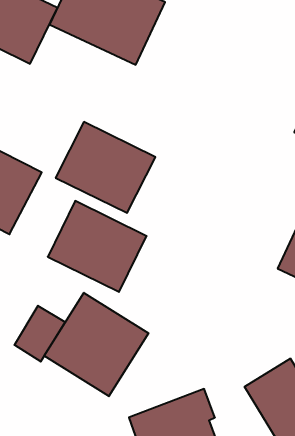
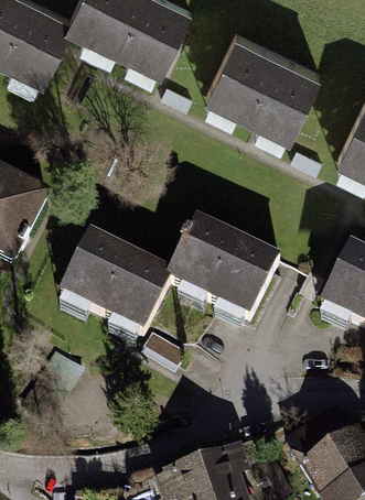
building: none -> [204,26,320,134]
building: [56,122,155,213] -> [169,213,281,315]
building: [44,293,148,396] -> none

